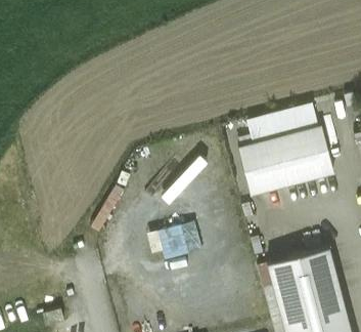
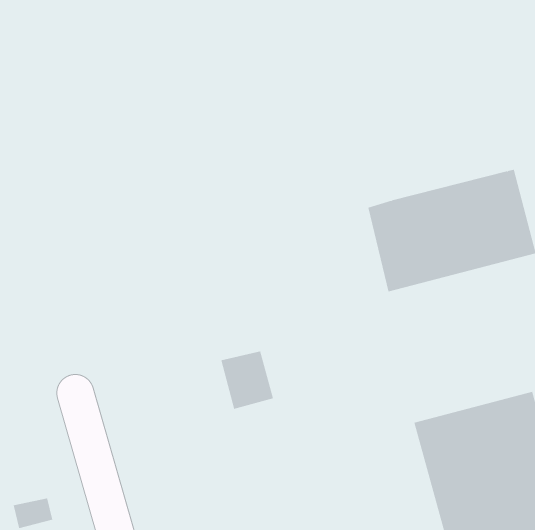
building: [246,106,317,144] -> none

